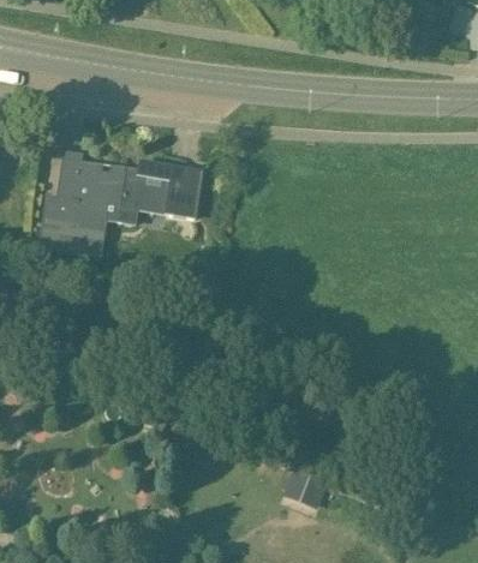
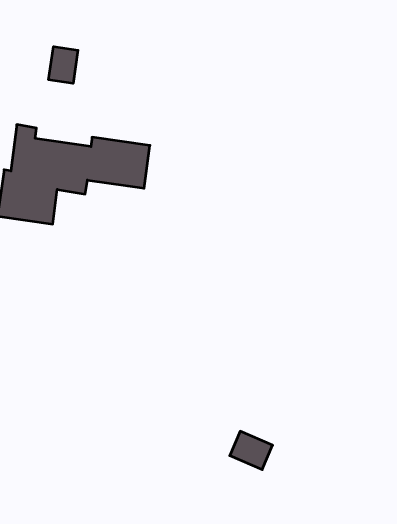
building: none -> [49,47,78,83]

